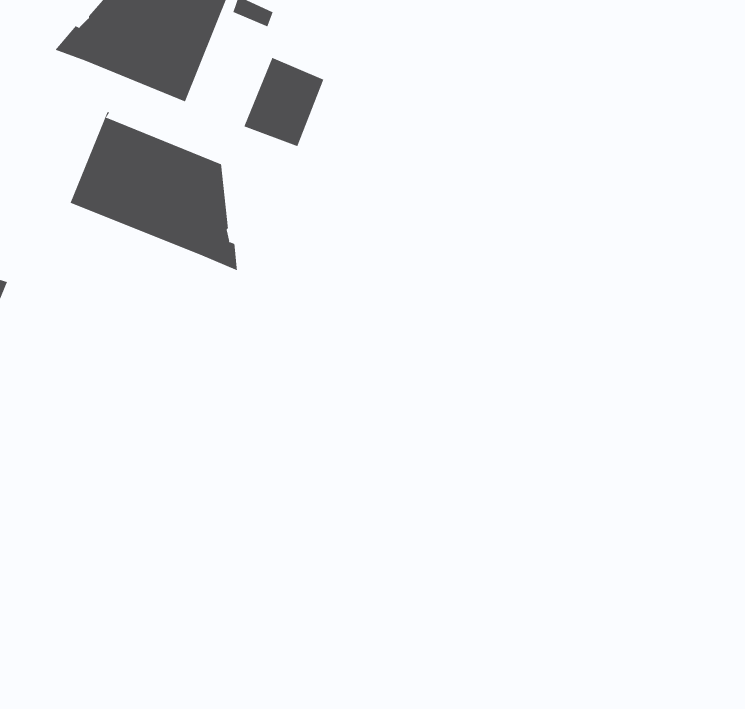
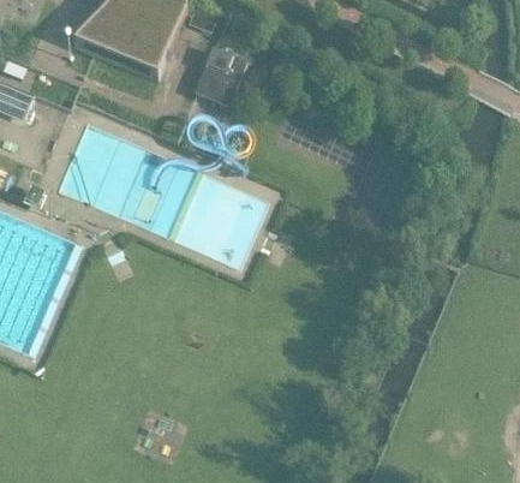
building: [70,112,237,271] -> none

